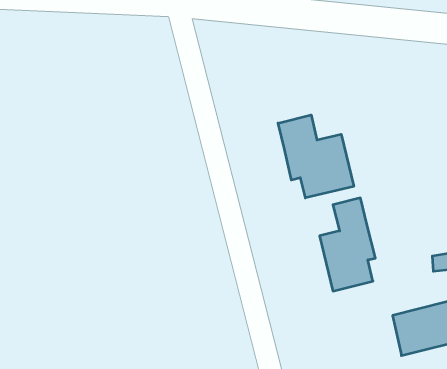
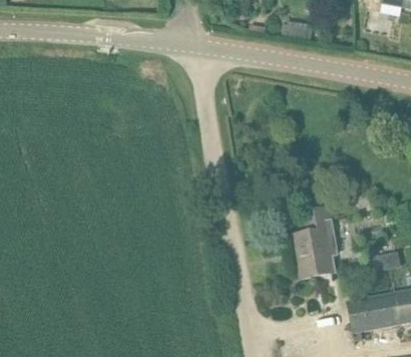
building: [278,115,354,198] -> none

